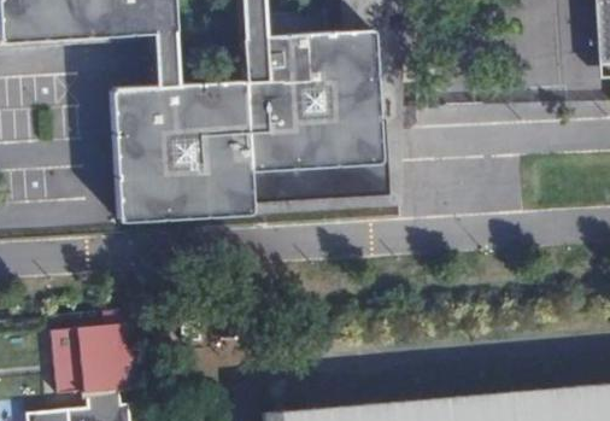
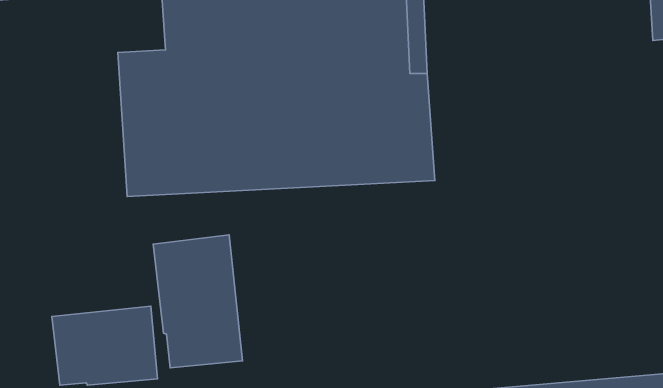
building: none -> [153,235,243,368]

